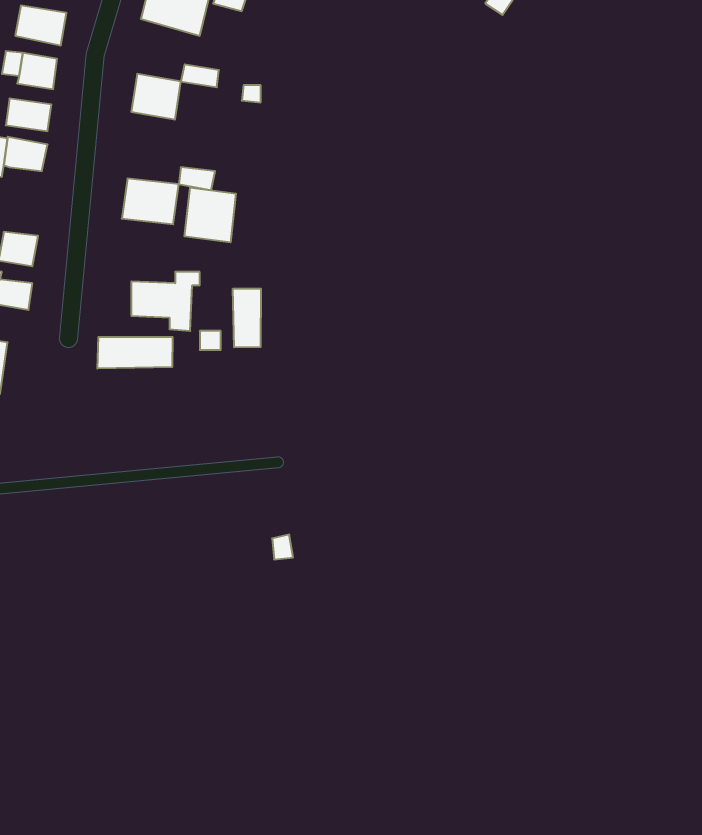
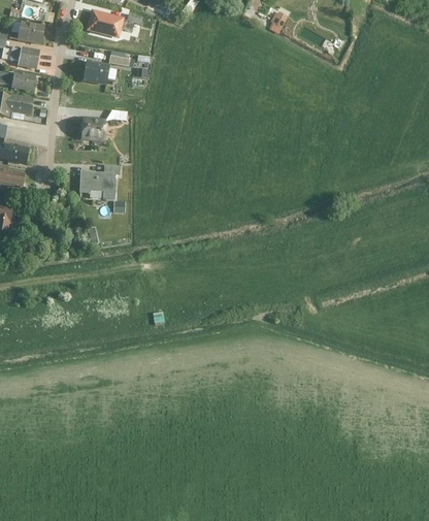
building: [185,187,236,242] -> none
building: [233,289,261,347] -> none
building: [97,337,173,369] -> none

